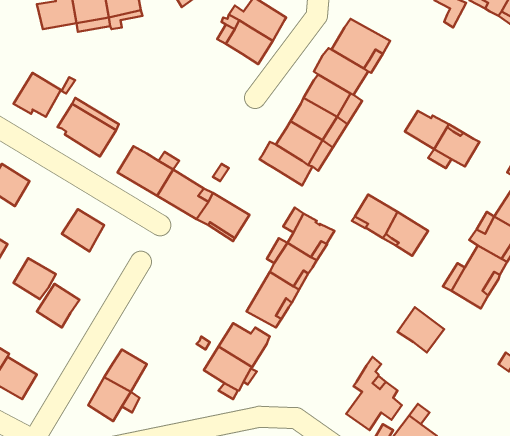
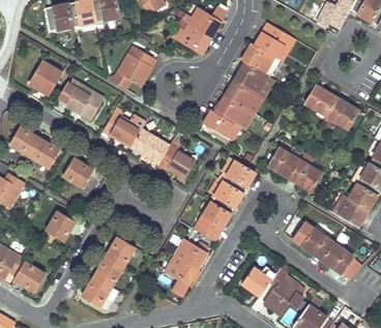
building: none -> [108,50,156,89]
building: [13,258,56,299] -> [30,138,60,167]
building: none -> [106,236,136,267]
building: none -> [321,242,353,273]
building: none -> [241,267,271,296]

